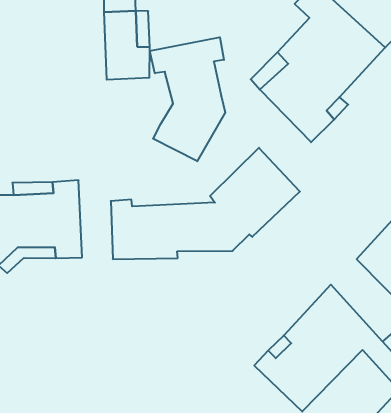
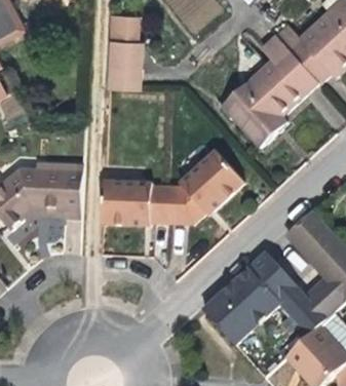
building: [150,37,225,161] -> none

